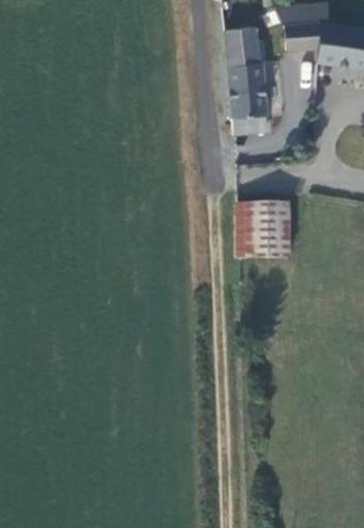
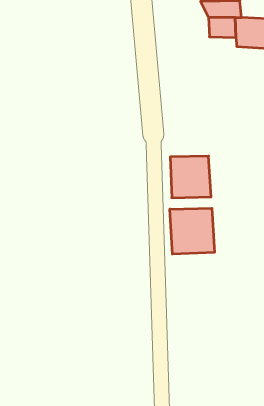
building: [224,25,269,130] -> none
building: none -> [170,208,214,254]

